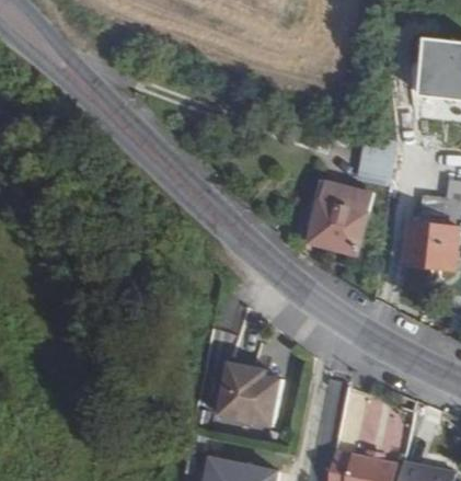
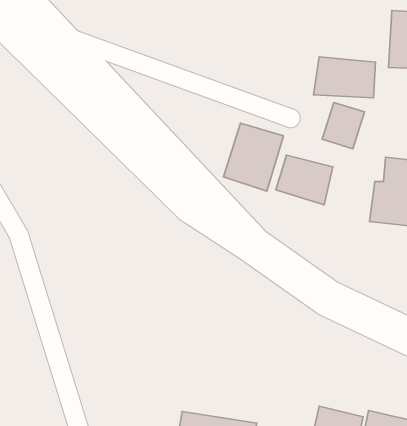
building: none -> [314,57,375,98]
building: none -> [223,123,283,191]
building: [216,363,279,427] -> none

